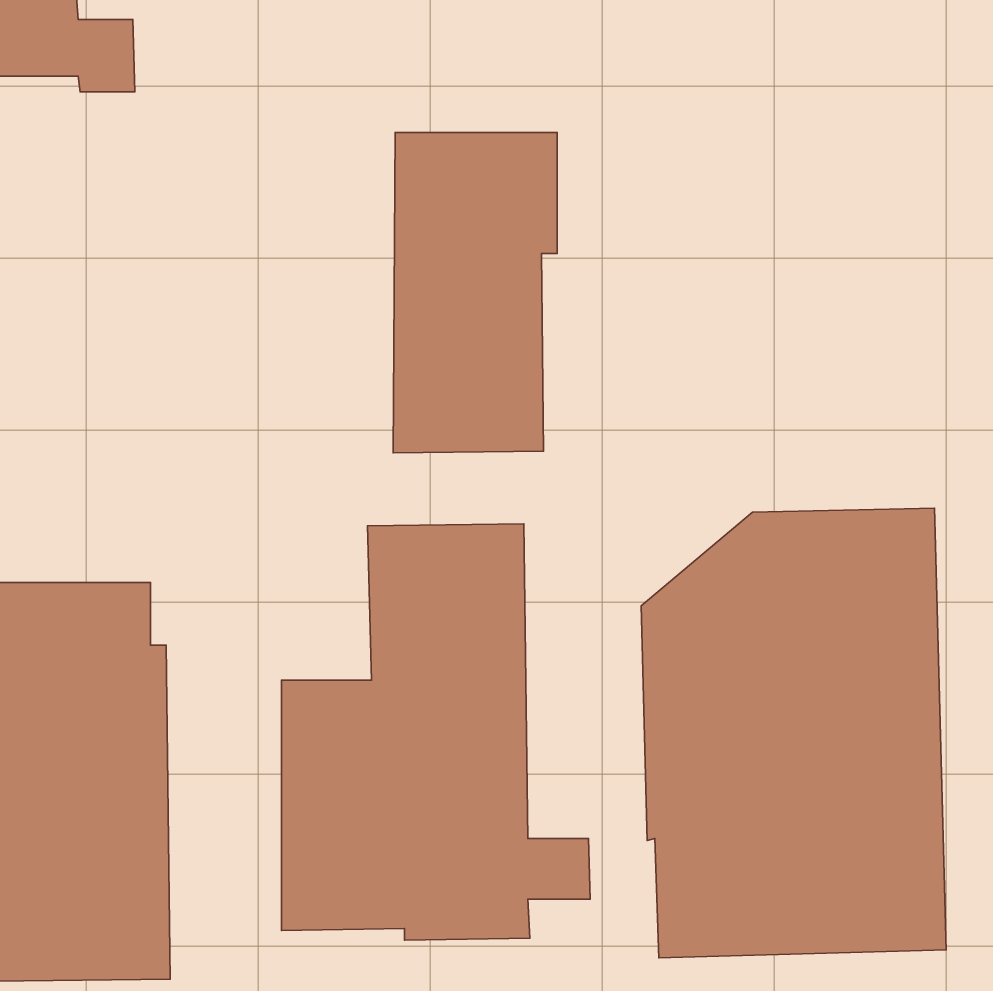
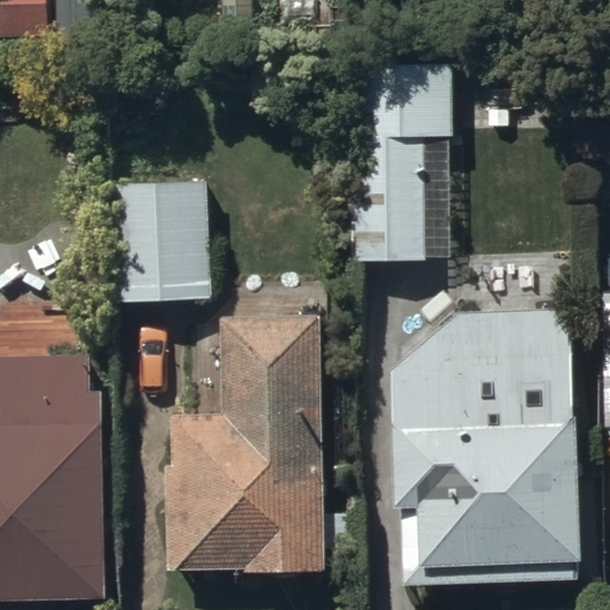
building: [393,132,557,453] -> [350,67,450,262]
building: none -> [101,181,207,304]

